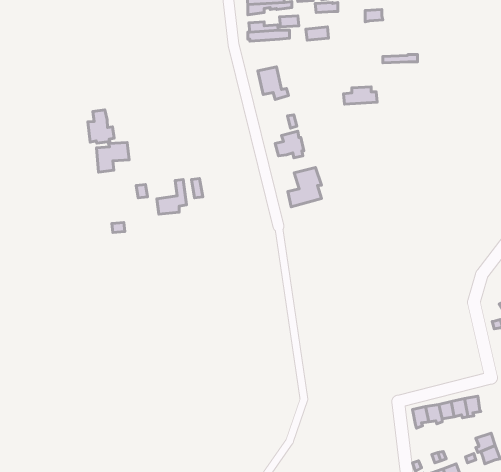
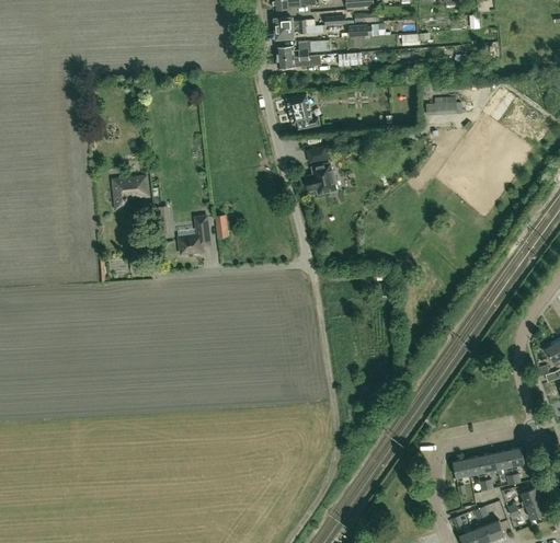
building: [344,87,377,104] -> [426,97,462,116]
building: [88,110,114,143] -> none
building: [288,168,322,207] -> none

